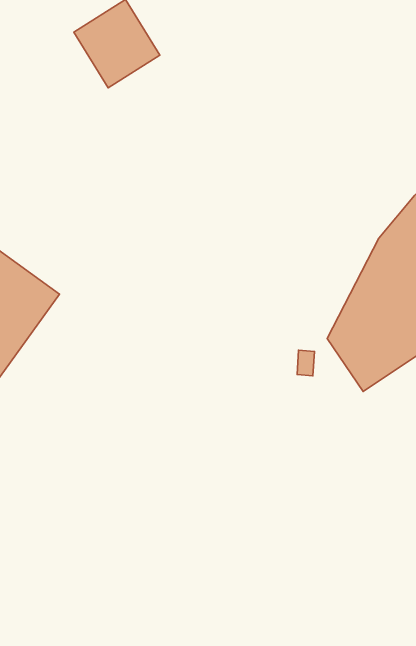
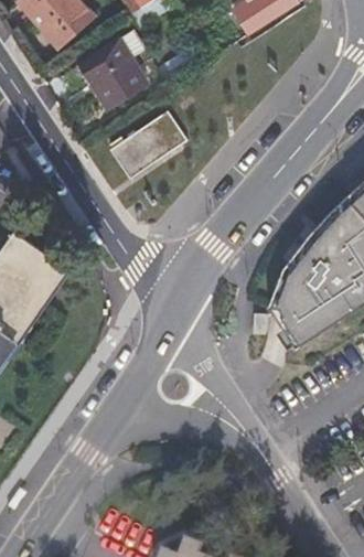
building: none -> [111,111,189,180]

